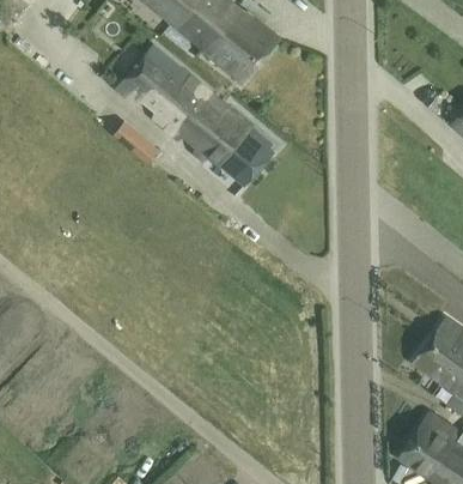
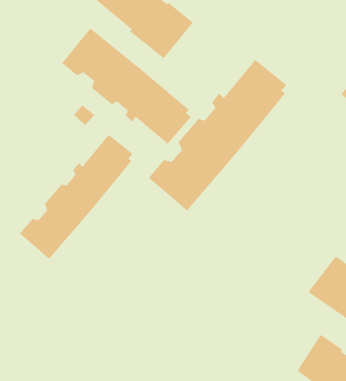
building: none -> [148,59,287,212]
building: none -> [19,134,134,260]

